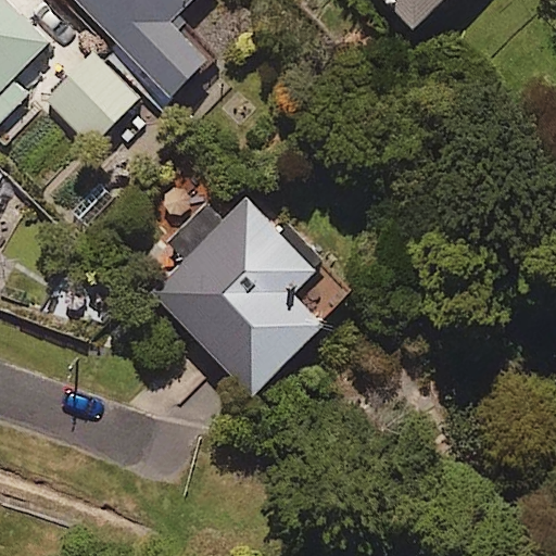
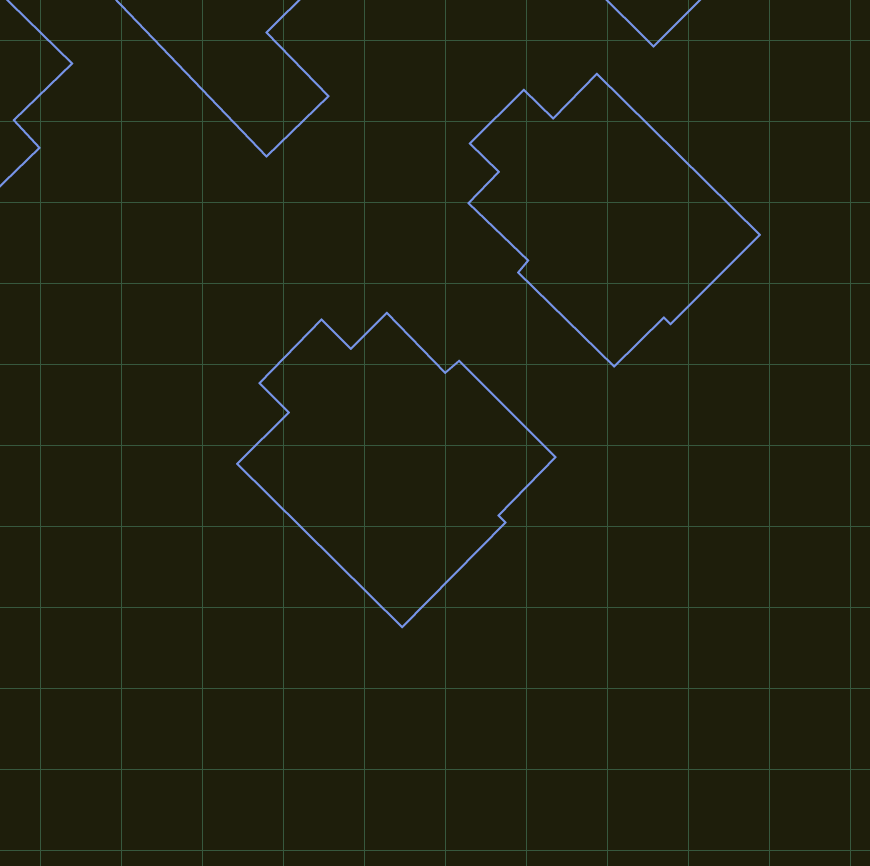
building: none -> [468,74,760,367]
building: [41,47,132,138] -> none

